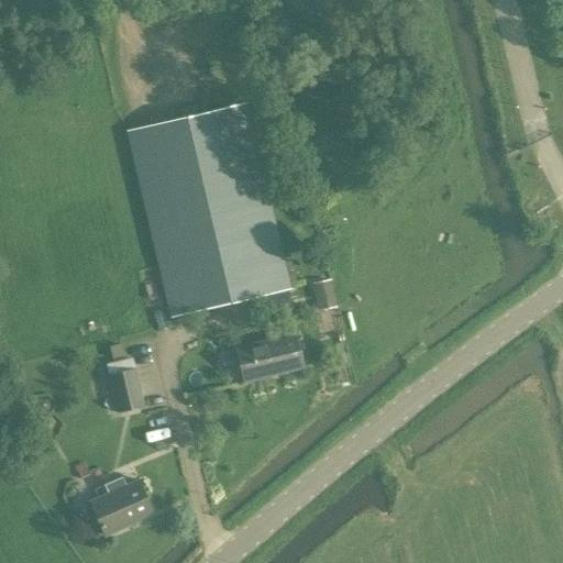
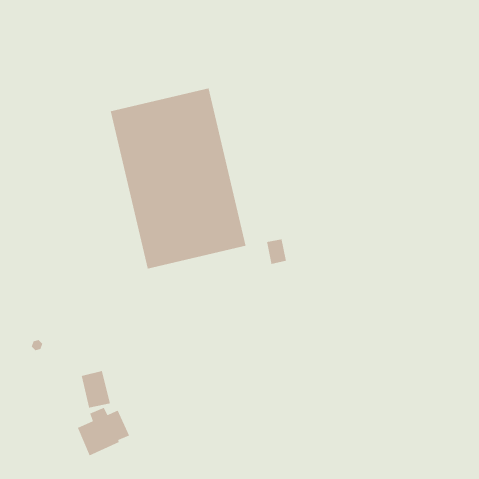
building: [236,332,303,380] -> none
building: [109,367,144,412] -> [81,370,111,409]

